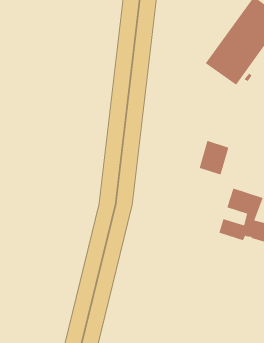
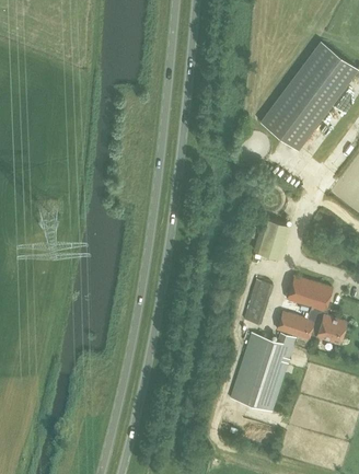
building: none -> [244,280,273,325]
building: none -> [230,332,296,412]

